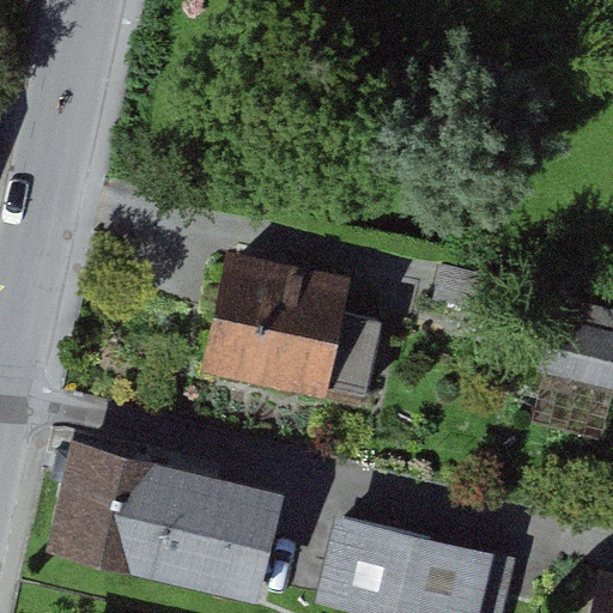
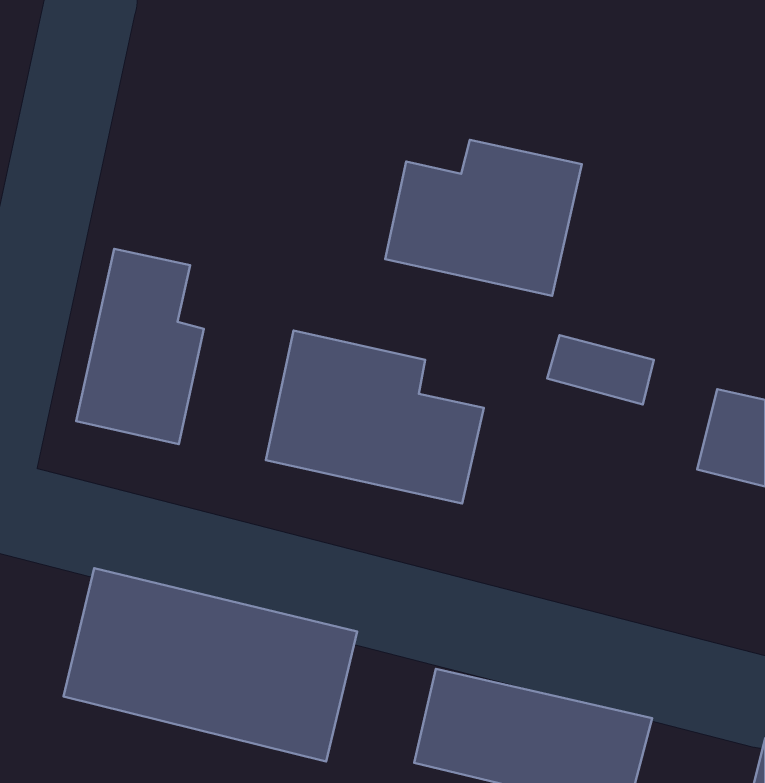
building: none -> [385,140,582,296]
building: none -> [76,249,204,444]

